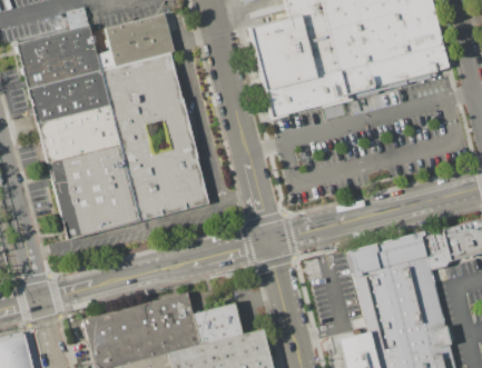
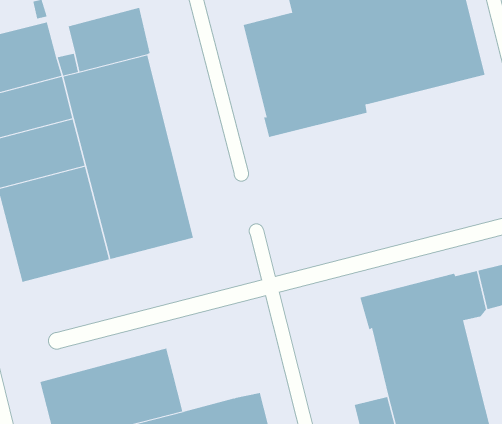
building: [193,304,243,345] -> none

